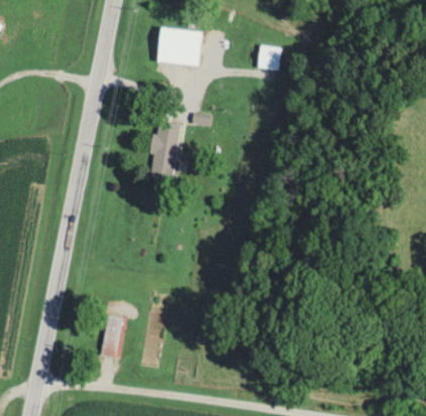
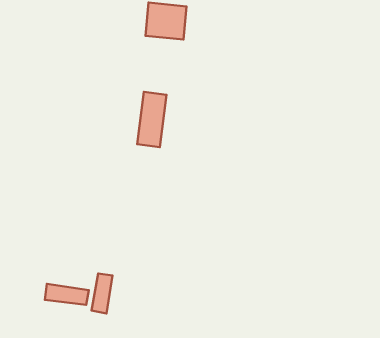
building: [252,46,281,67] -> none
building: none -> [45,284,89,305]

